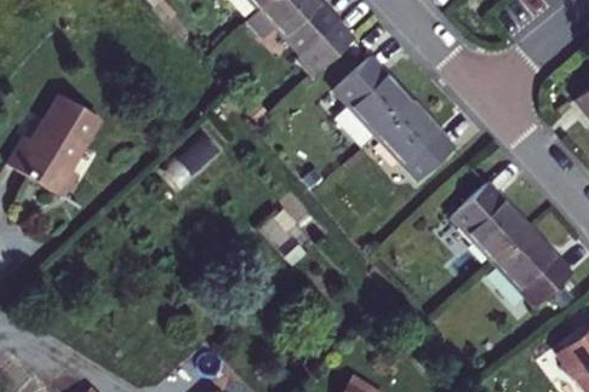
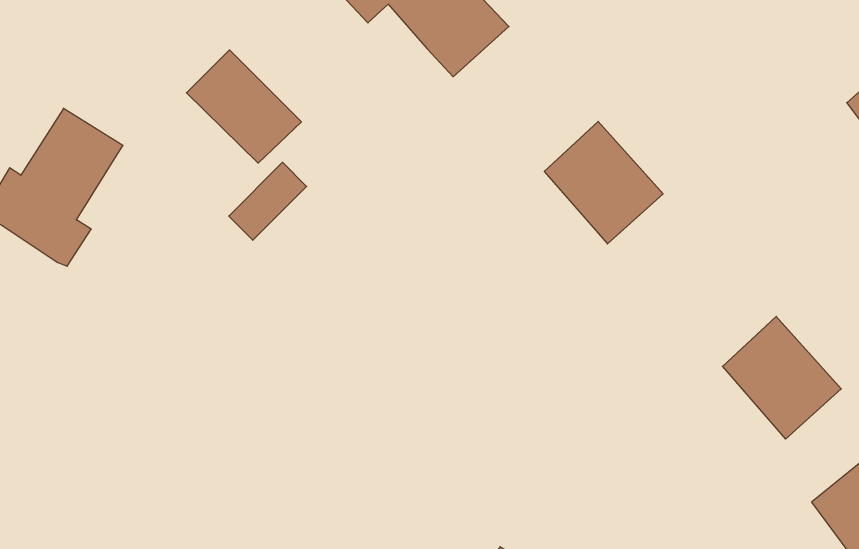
building: none -> [186,50,301,163]
building: [338,59,414,137] -> none
building: [453,186,531,264] -> none

